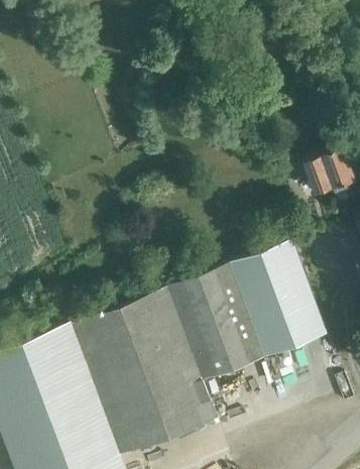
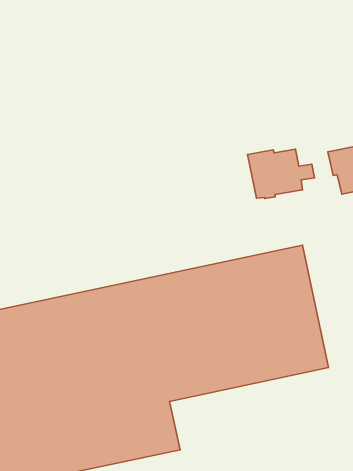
building: none -> [248,149,314,198]

